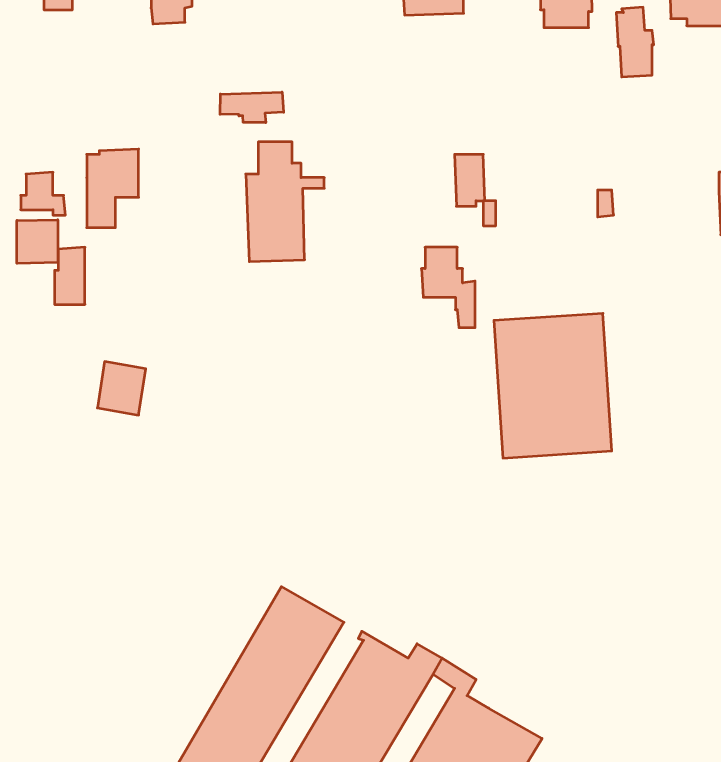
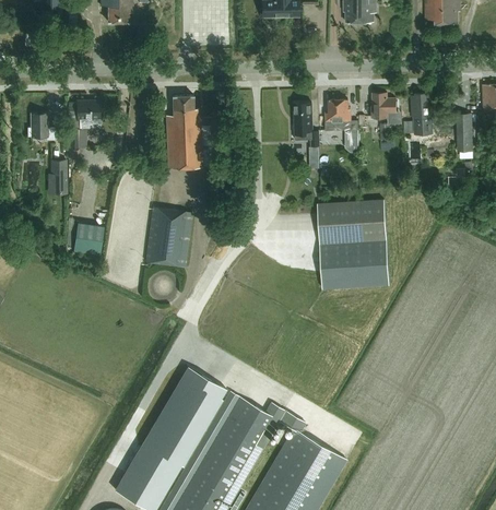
building: [616,7,654,77] -> [411,93,434,135]
building: [220,92,284,123] -> none
building: none -> [371,94,397,118]
building: [17,220,58,263] -> none
building: [421,247,475,328] -> [324,99,357,149]
building: none -> [145,207,191,268]

